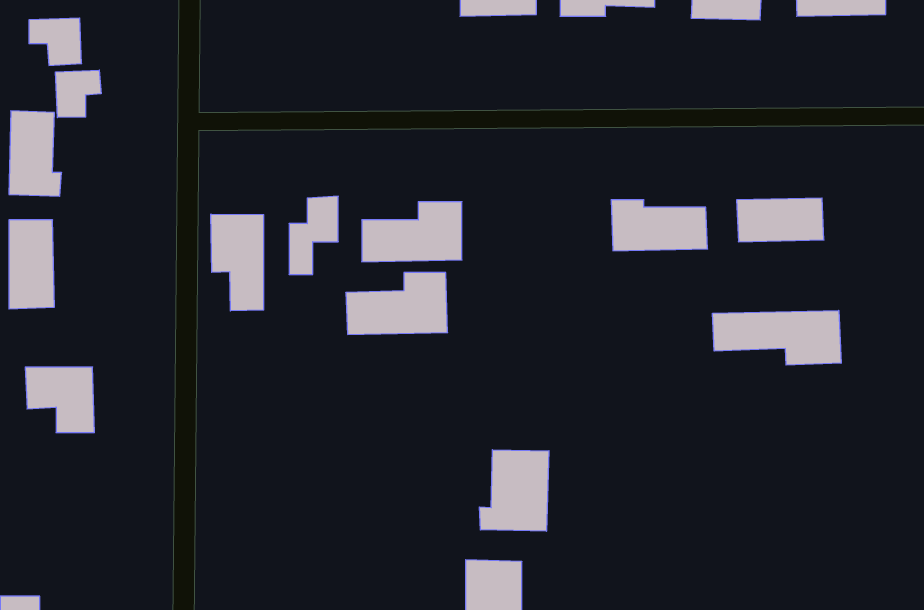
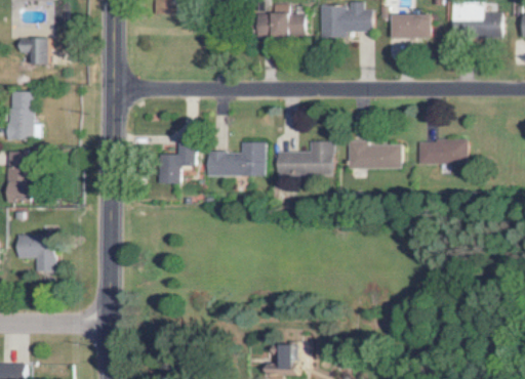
building: [56,70,101,118] -> none
building: [211,214,264,311] -> none
building: [346,273,448,334] -> [276,140,333,175]
building: [713,310,841,365] -> none
building: [479,450,549,531] -> none

